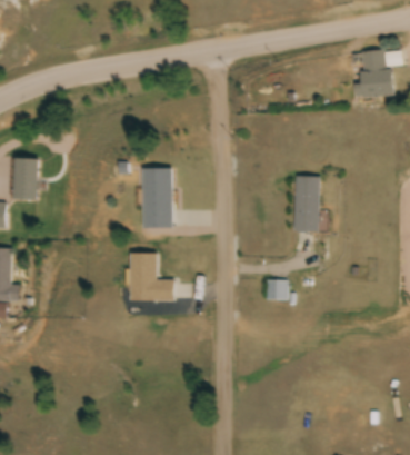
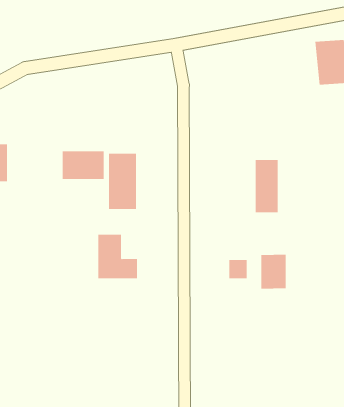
building: none -> [62,150,104,180]
building: none -> [261,254,286,289]

